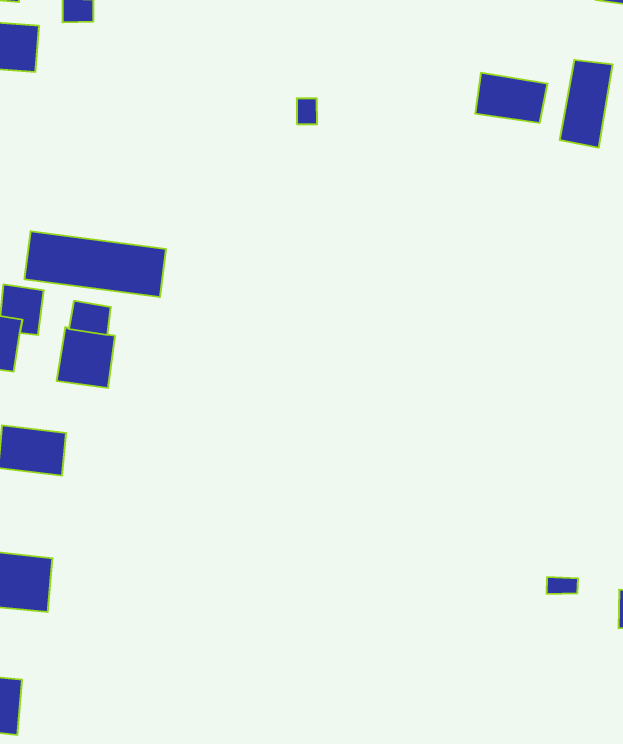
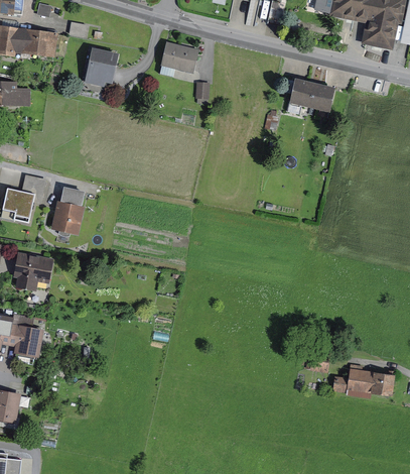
building: none -> [161,45,195,73]
building: none -> [85,50,116,87]
building: [560,60,612,148] -> none
building: [25,231,166,297] -> none

